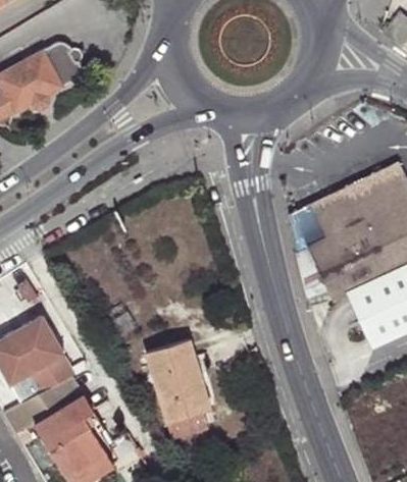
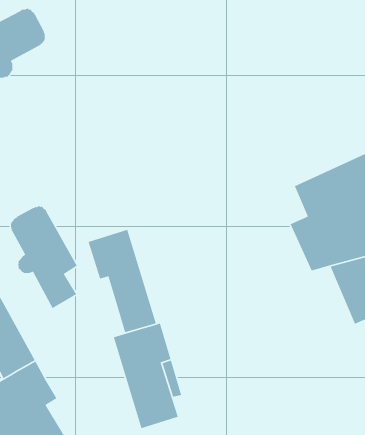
building: none -> [10,205,78,309]
building: none -> [88,229,157,333]

